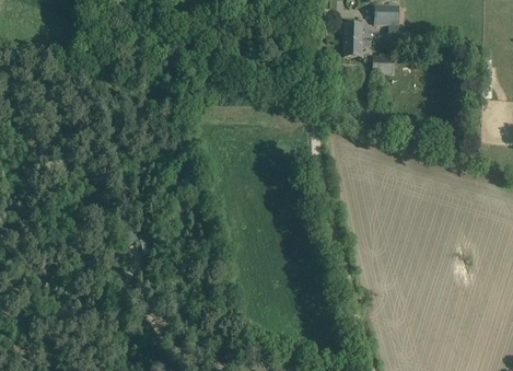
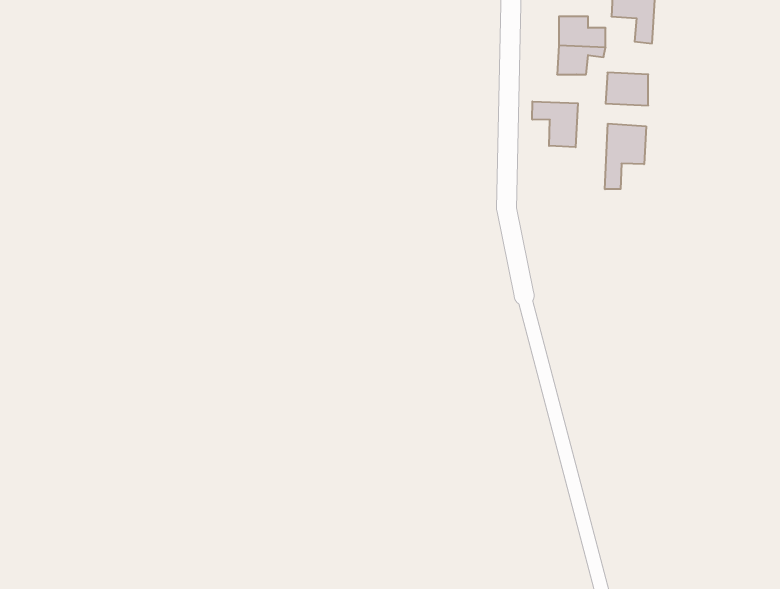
building: none -> [532,101,578,147]
building: none -> [605,124,646,189]

